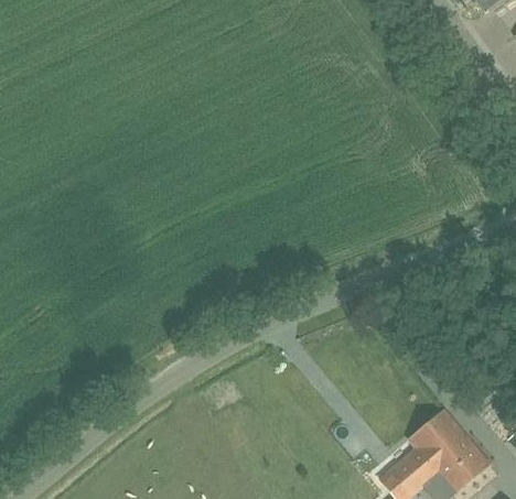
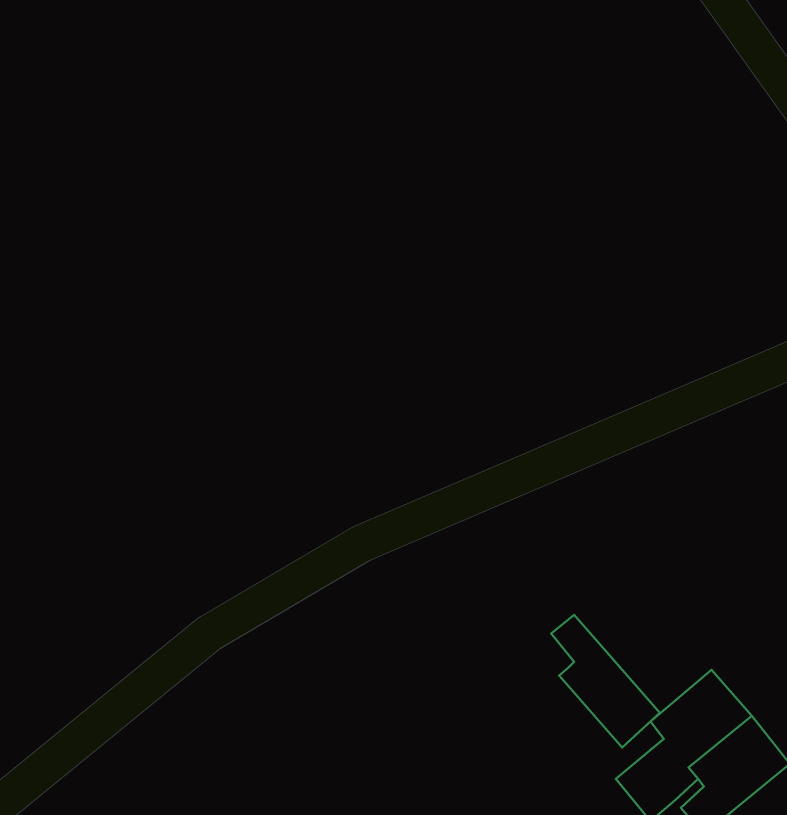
building: none -> [551,615,660,747]

